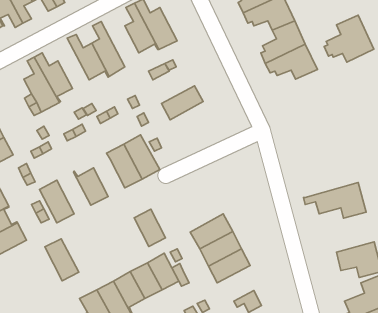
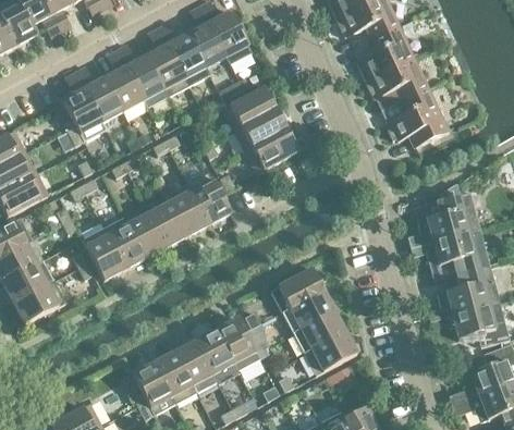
building: [324,15,374,62] -> [387,88,449,147]
building: none -> [159,22,209,85]
building: none -> [105,49,144,112]
building: none -> [222,87,276,131]
building: none -> [245,128,298,172]
building: none -> [411,194,480,248]
building: [134,209,166,246] -> [149,200,188,247]
building: none -> [428,267,500,322]
building: [45,239,79,281] -> [103,217,146,269]
building: none -> [304,333,357,377]

